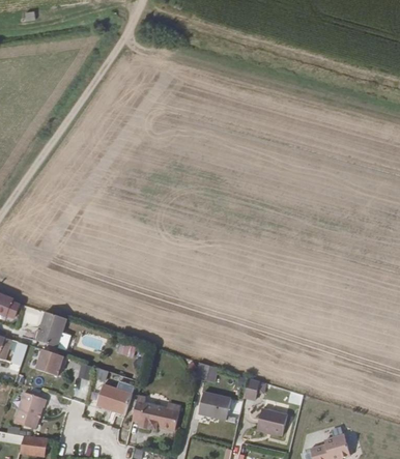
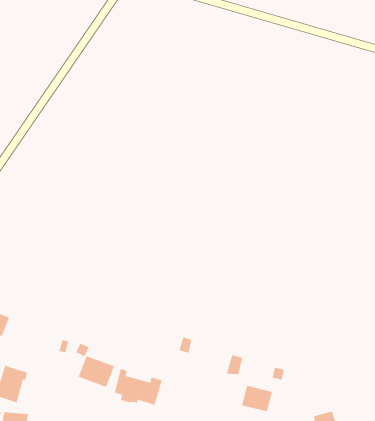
building: [35,312,65,345] -> none
building: [37,348,68,375] -> none
building: [196,391,229,420] -> none

